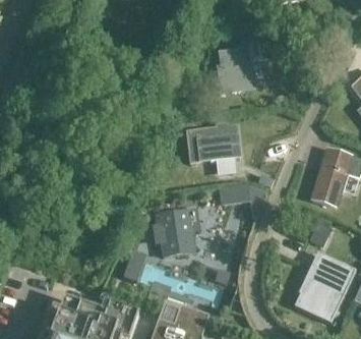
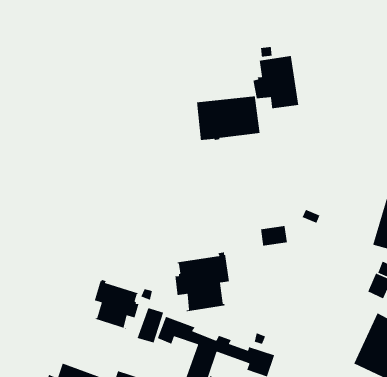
building: [186,126,238,163] -> [196,96,261,141]
building: none -> [94,279,139,329]

